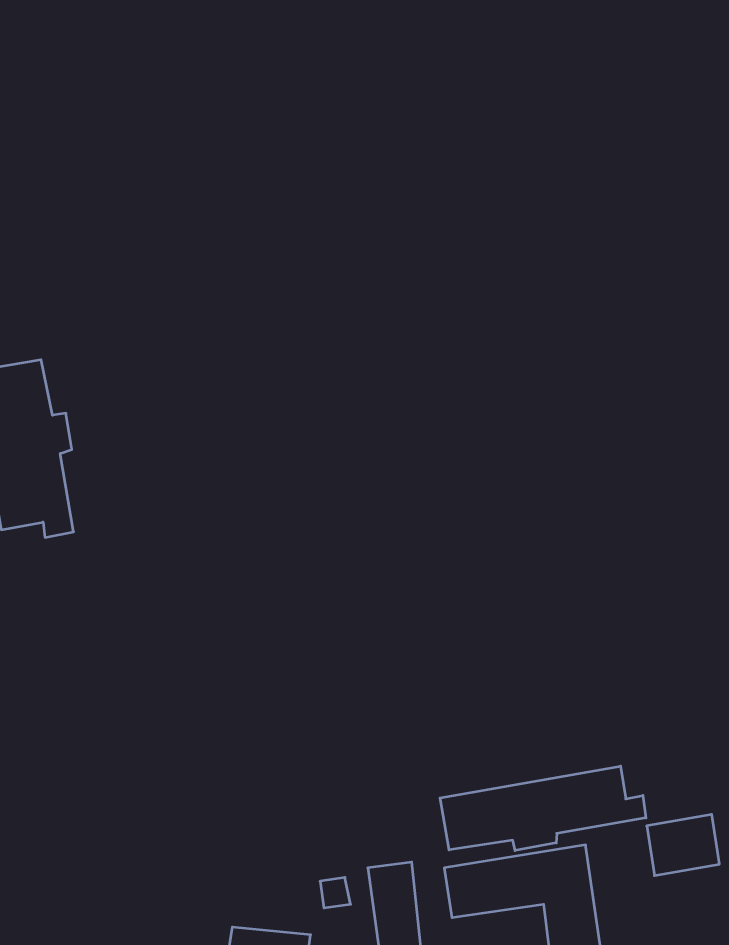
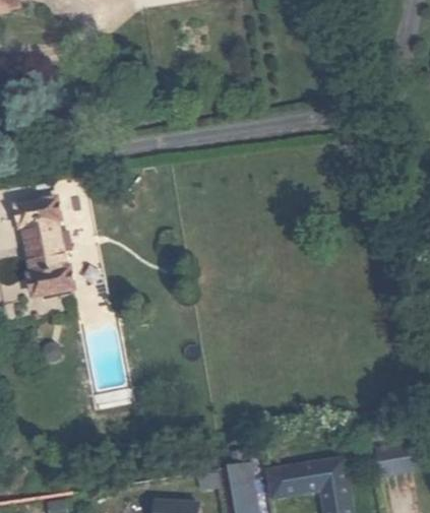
building: [440,766,646,851] -> none

